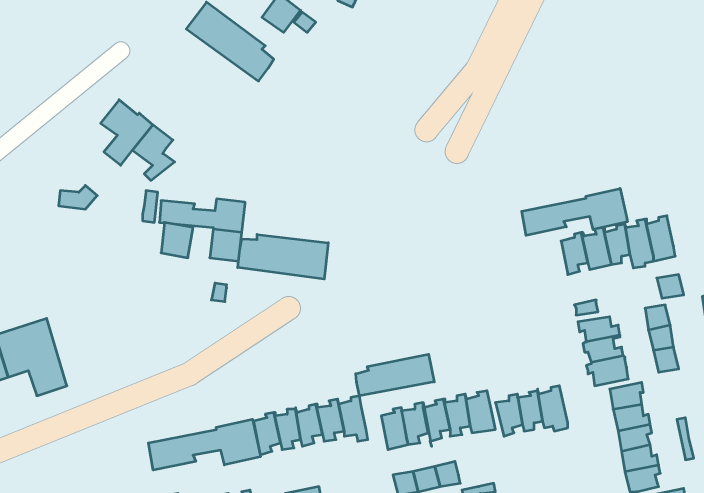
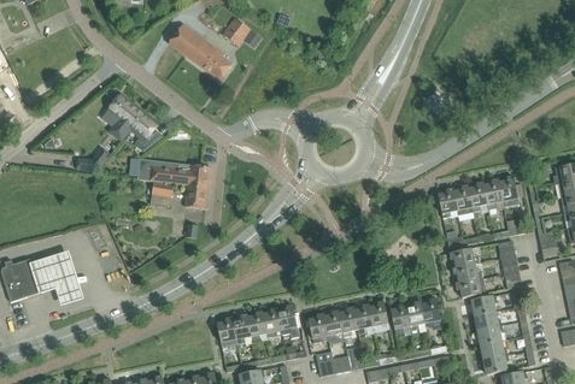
building: [522,188,627,235] -> none
building: [238,234,328,279] -> none
building: [356,354,434,396] -> none
building: [148,419,260,470] -> none

